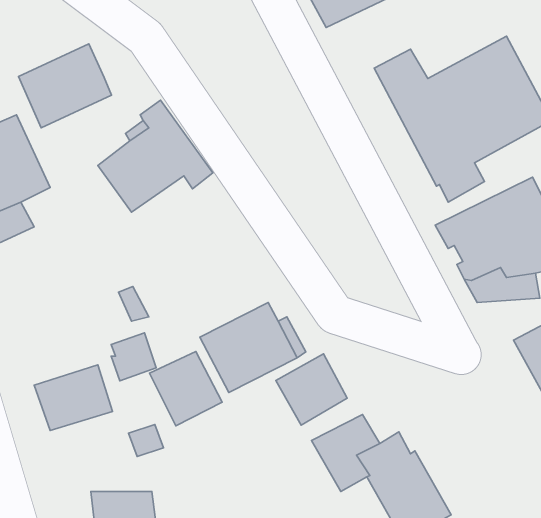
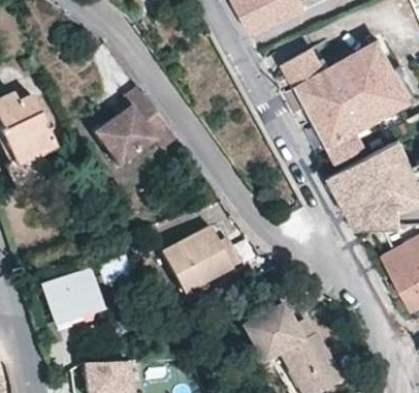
building: [18,44,112,128] -> none
building: [149,351,222,426] -> none
building: [276,354,347,425] -> none

